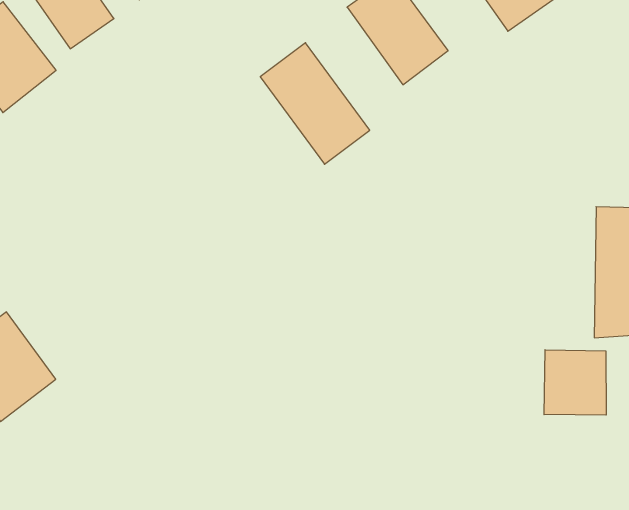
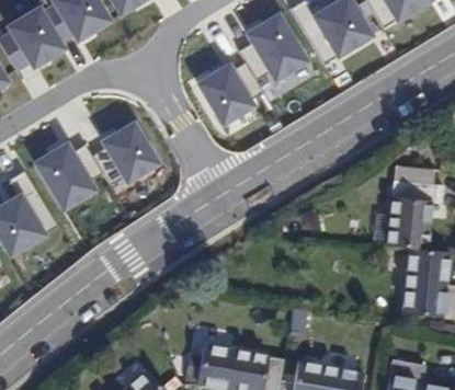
building: none -> [101,119,163,186]
building: none -> [33,140,101,214]
building: [544,350,606,415] -> none

